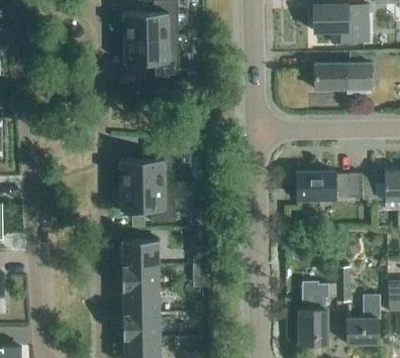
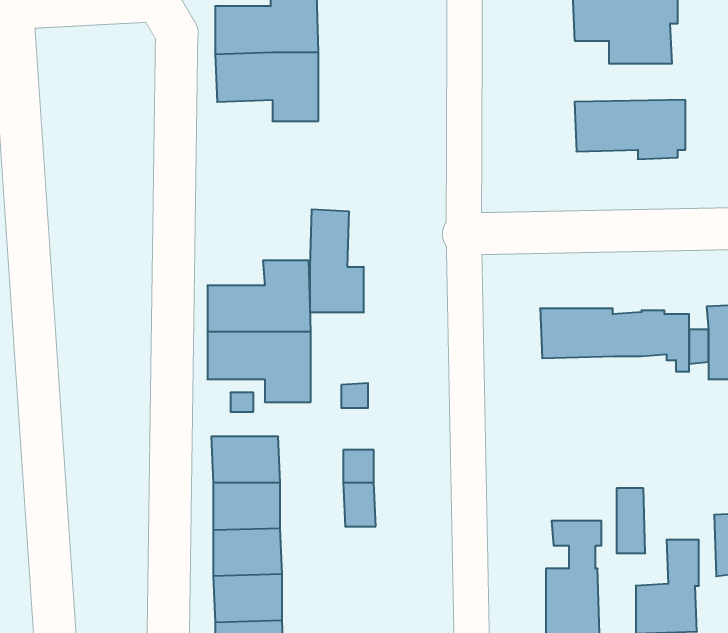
building: none -> [310,209,364,313]

